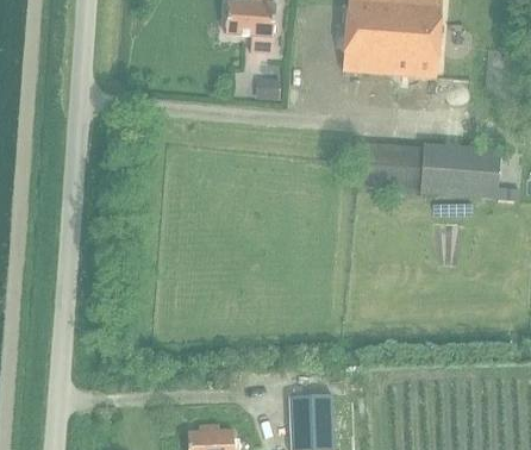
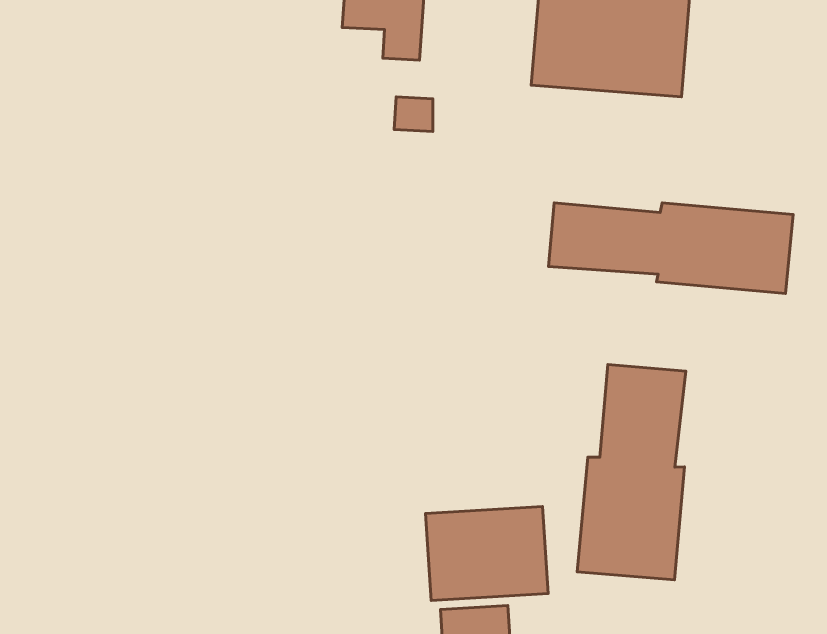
building: none -> [577,364,686,580]
building: none -> [426,506,548,601]

